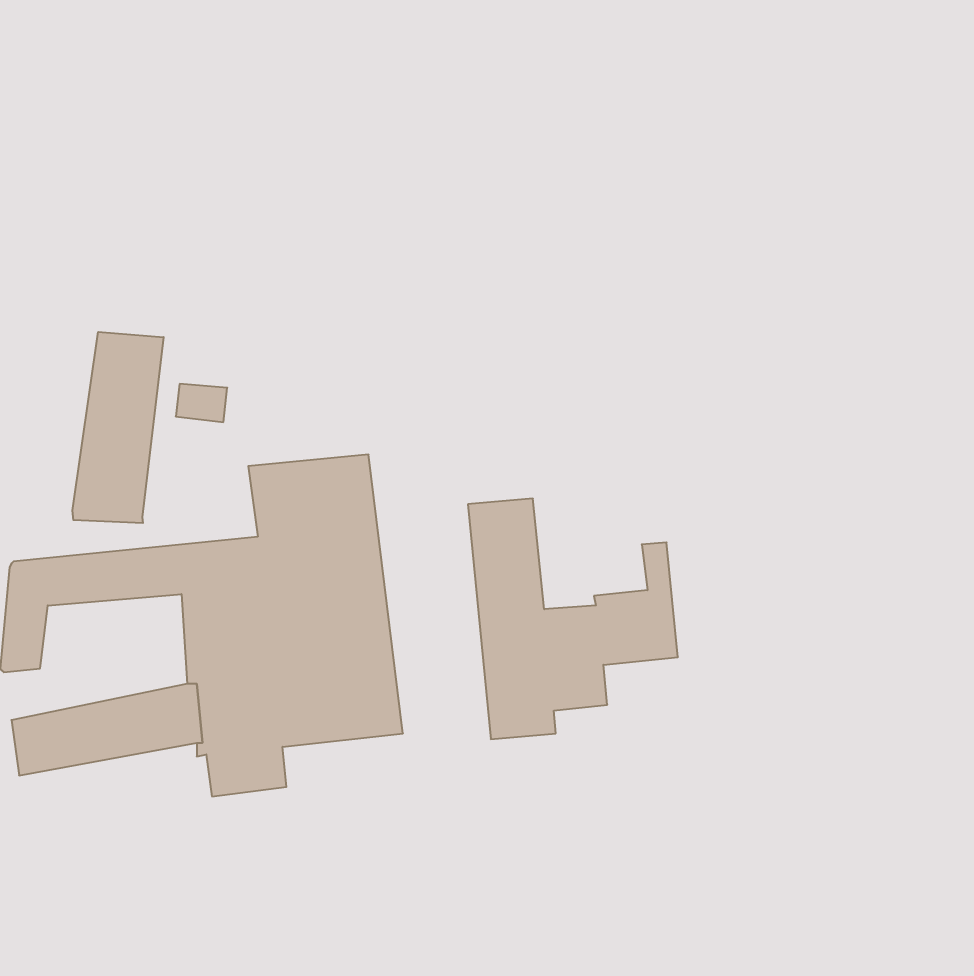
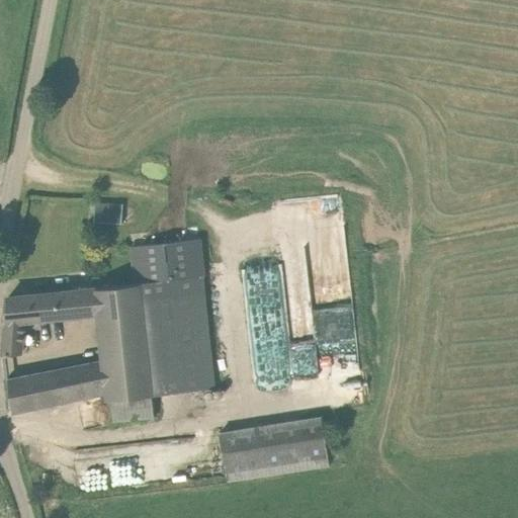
building: [72,332,164,523] -> none
building: none -> [220,418,328,482]

